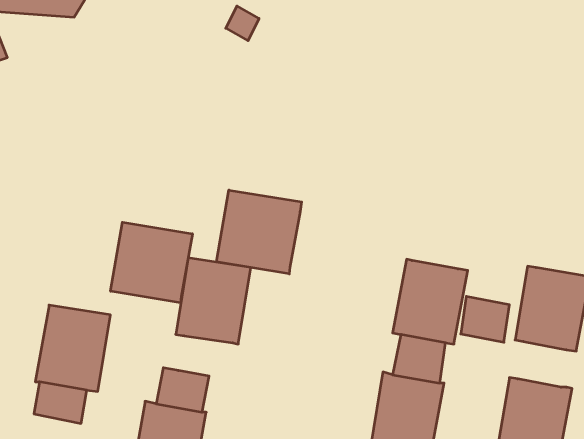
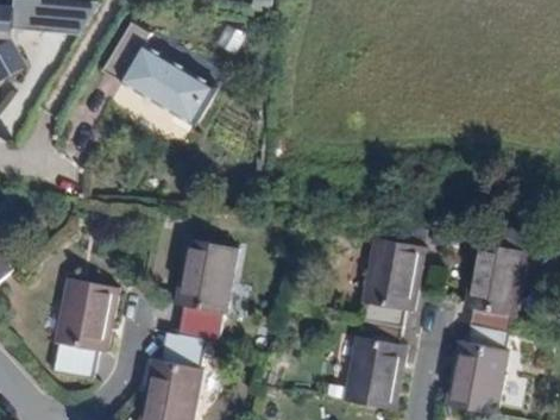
building: none -> [127,38,222,120]
building: [217,190,302,274] -> none
building: [111,222,192,303] -> none
building: [461,296,509,342] -> [466,309,508,349]
building: none -> [176,305,222,341]

